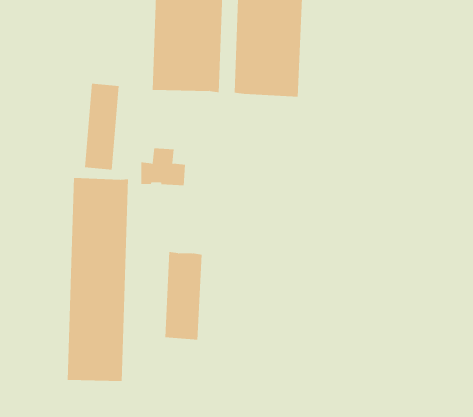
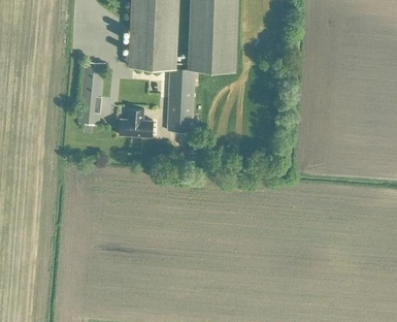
building: [67,177,129,382] -> none
building: [164,252,203,340] -> [167,68,195,133]

